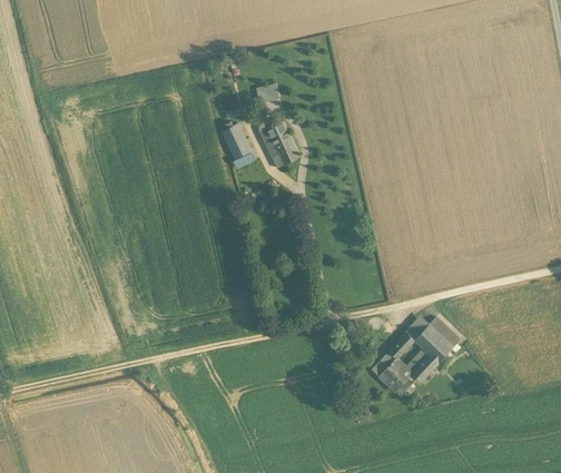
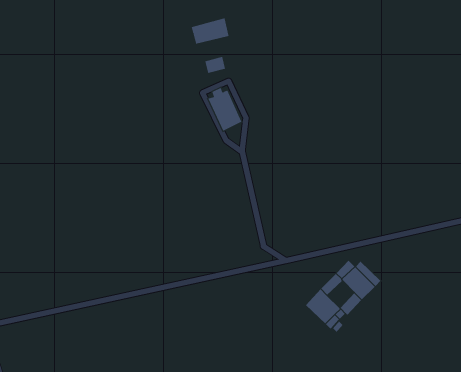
building: none -> [191,18,229,45]
building: [222,124,252,159] -> none

